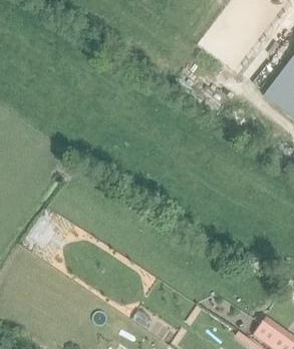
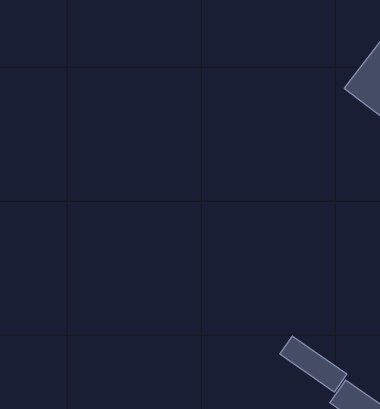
building: none -> [280,336,347,392]

